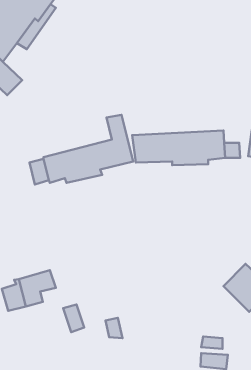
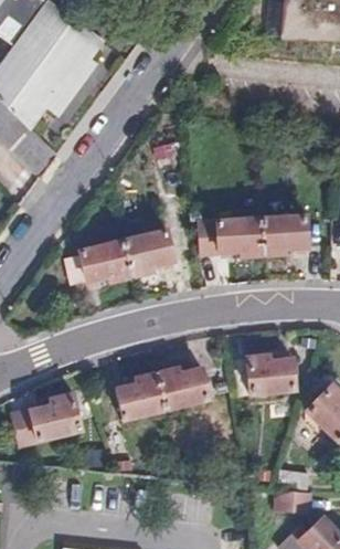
building: none -> [233,353,295,394]
building: none -> [115,366,229,419]

